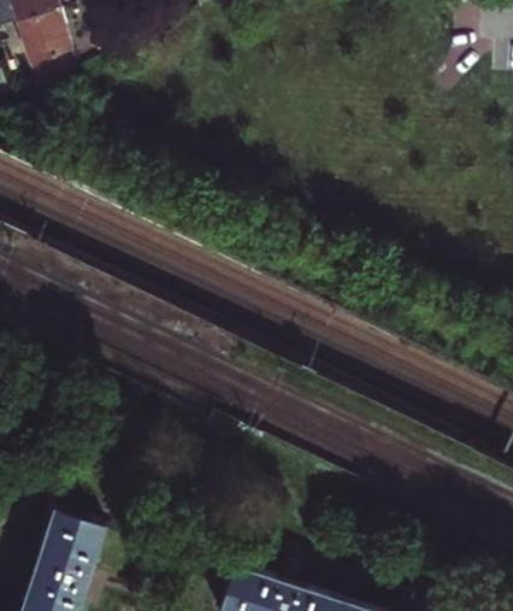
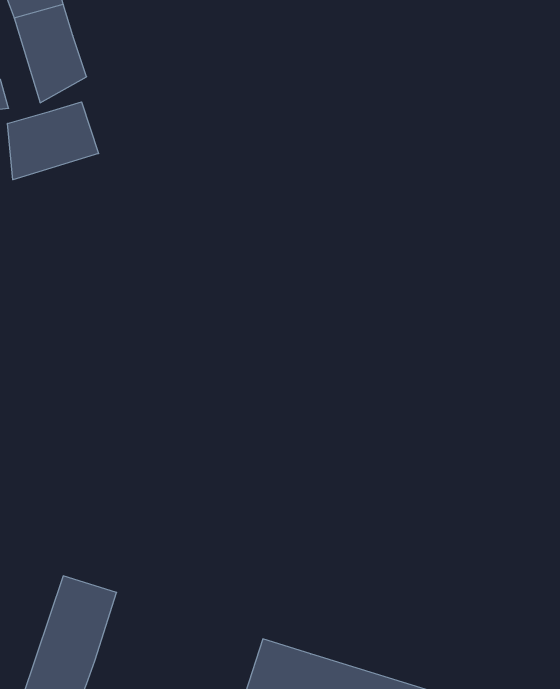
building: none -> [7,102,99,180]

